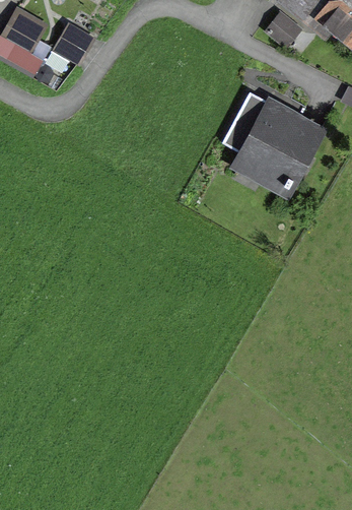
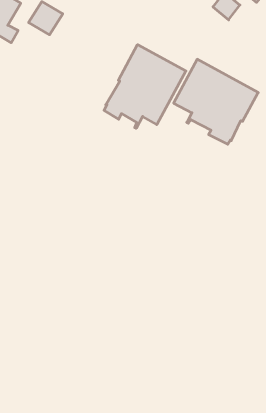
building: none -> [104,45,186,128]

